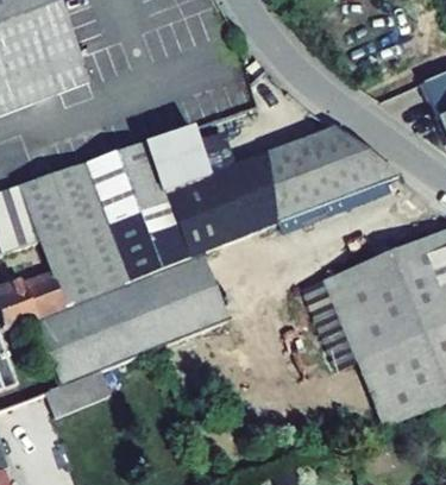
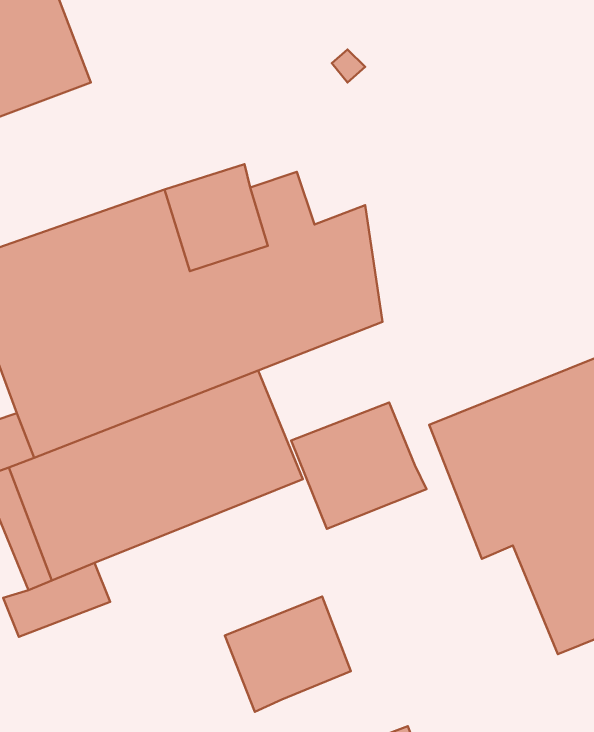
building: [265,127,398,222] -> none
building: none -> [291,402,427,529]
building: none -> [225,596,351,712]

